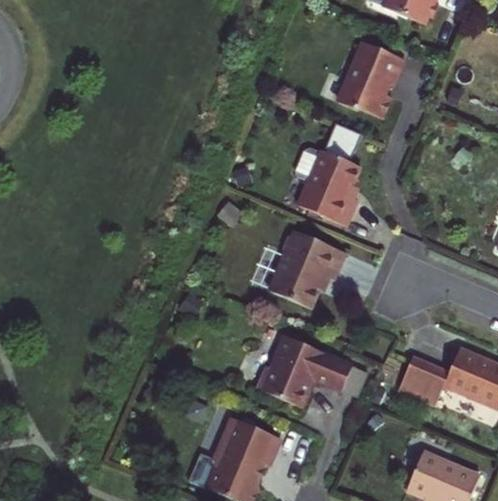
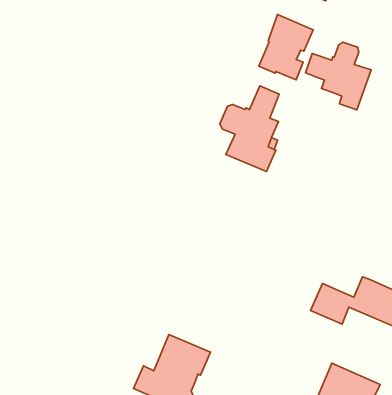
building: none -> [306,42,371,110]
building: [269,222,349,305] -> none
building: [256,337,367,407] -> none

